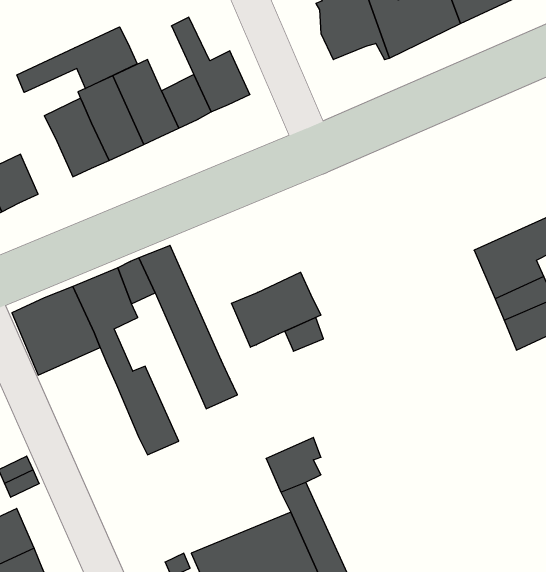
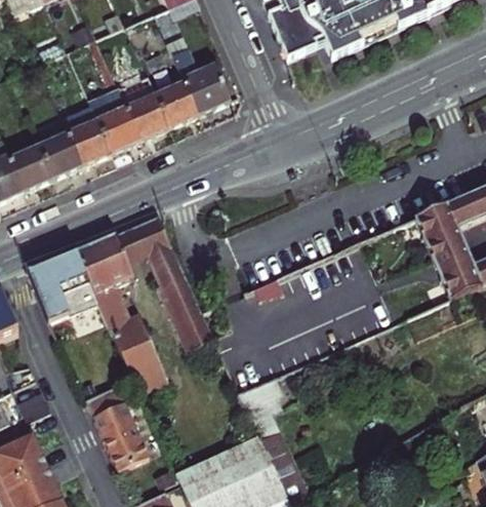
building: [17,27,137,92] -> none
building: none -> [36,130,79,177]
building: [231,272,321,347] -> none
building: none -> [84,383,151,469]

